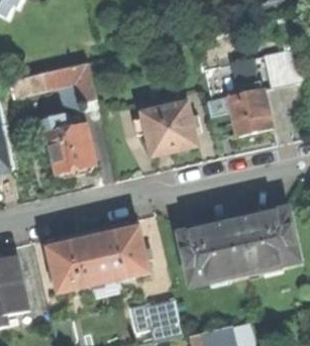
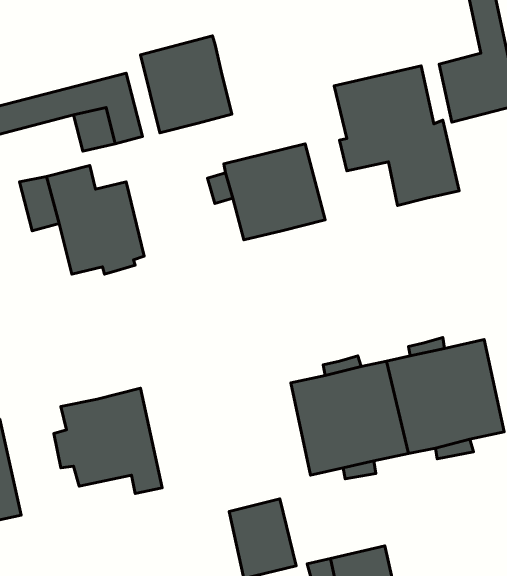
building: none -> [140,36,232,133]
building: [94,226,151,292] -> none

